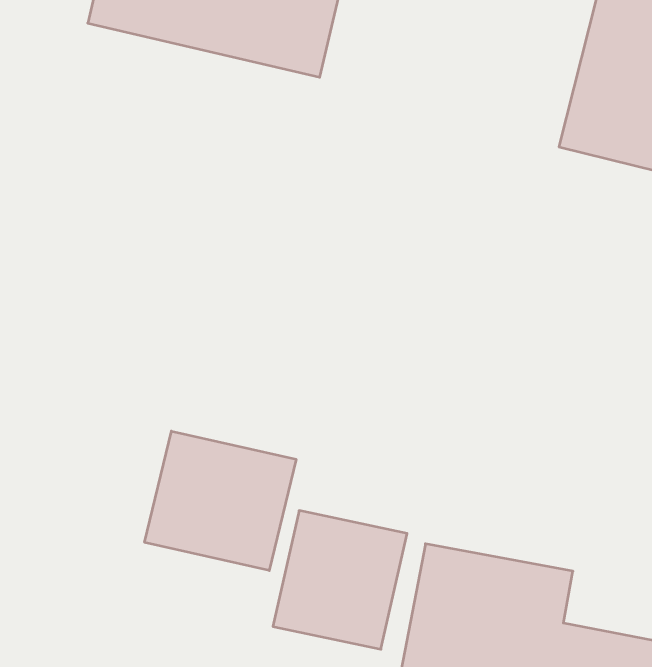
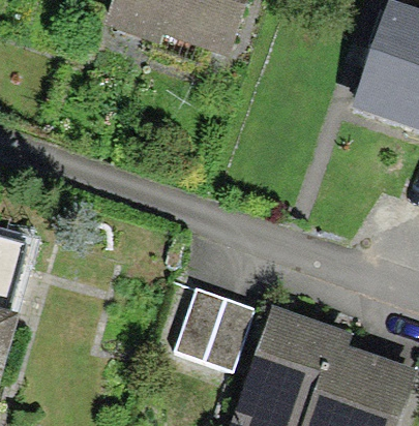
building: [145,431,296,571] -> none

